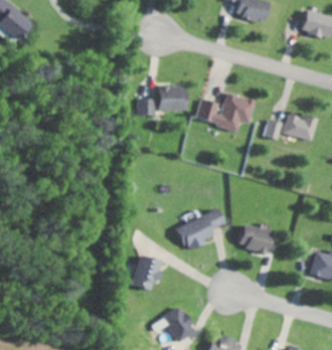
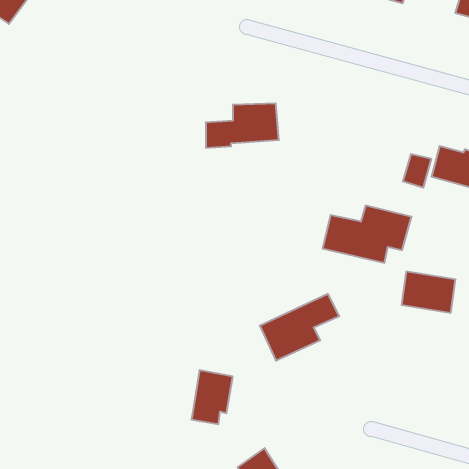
building: [198,94,255,130] -> [323,206,412,263]
building: [237,225,272,251] -> [402,272,456,313]

